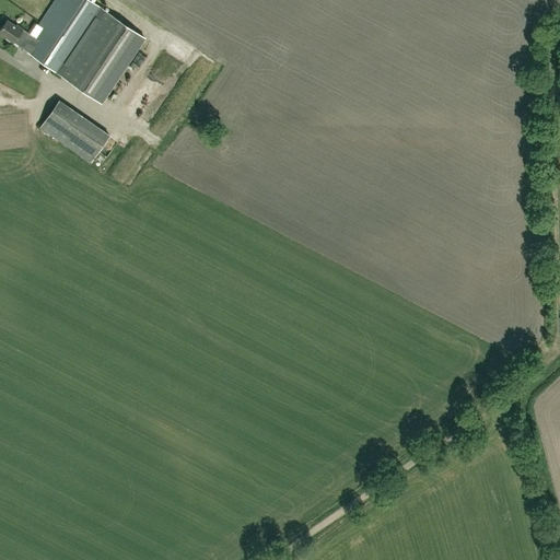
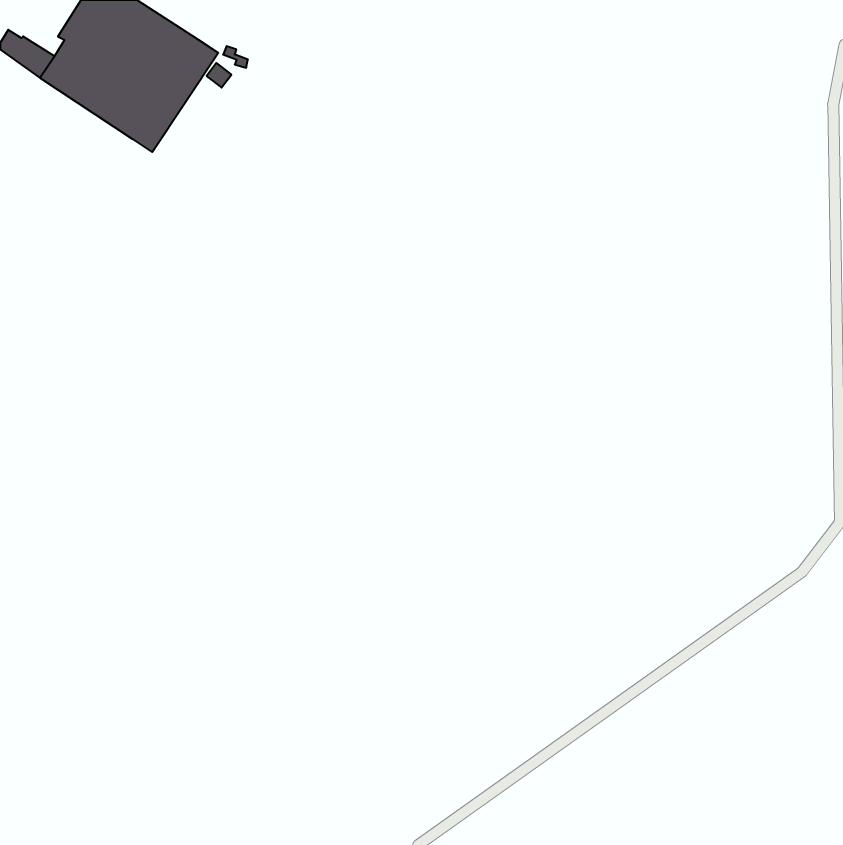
building: [38,101,108,163] -> none

